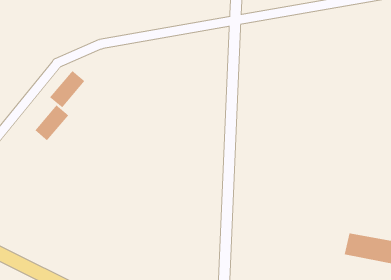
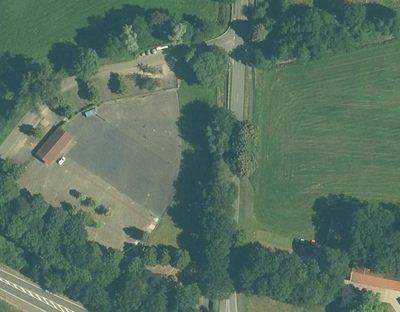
building: [49,70,85,108] -> none

